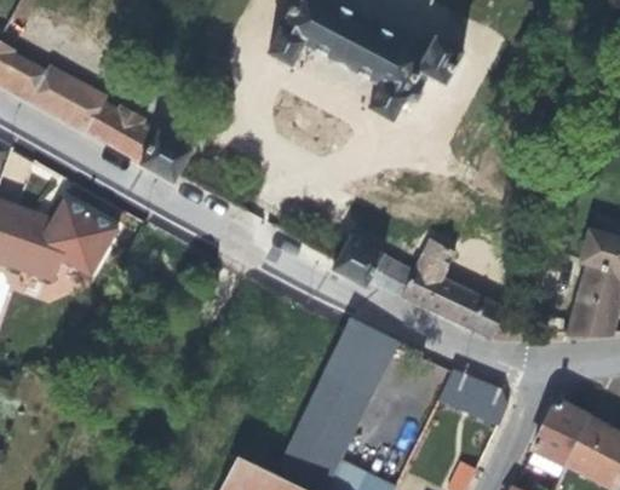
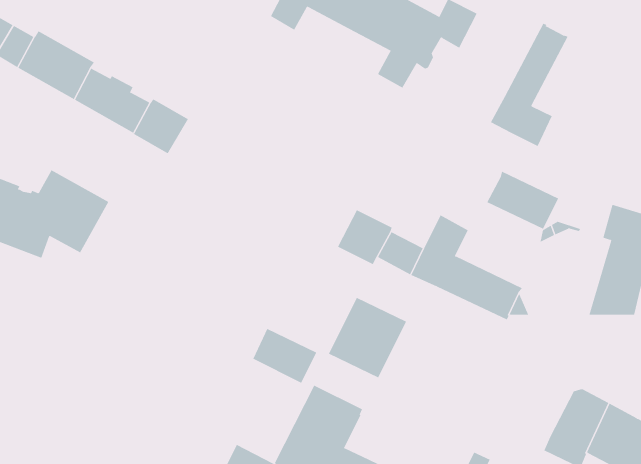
building: none -> [490,23,568,147]
building: none -> [486,171,559,229]
building: [437,369,507,425] -> none
building: [310,370,371,422] -> [253,328,317,383]

